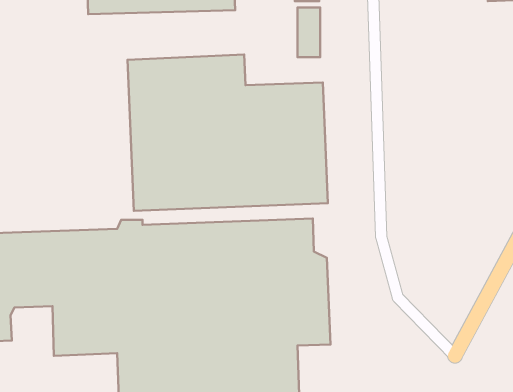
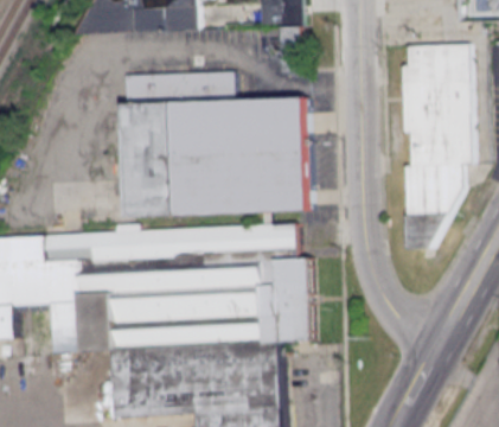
building: none -> [402,44,472,249]

